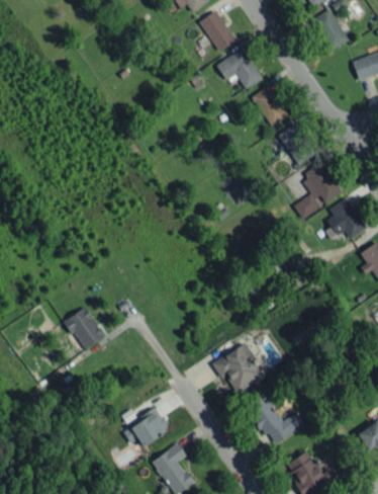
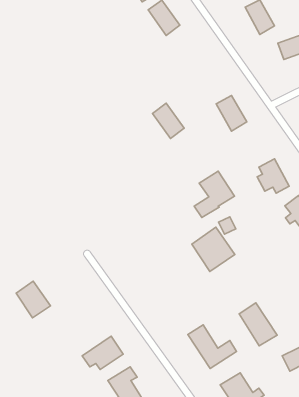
building: [216,49,262,90] -> none
building: [252,86,289,128] -> [152,103,184,138]
building: [294,164,342,219] -> [194,171,234,217]
building: [65,308,105,351] -> [16,281,50,318]
building: [214,343,265,396] -> [192,227,235,272]
building: none -> [239,303,277,346]

